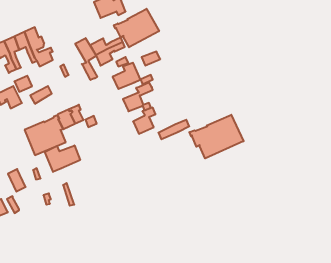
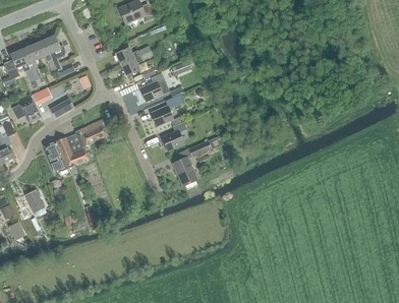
building: [114,9,159,47] -> none
building: [75,38,97,80] -> none
building: [189,115,244,158] -> none
building: none -> [172,156,196,188]
building: [45,145,80,172] -> none

